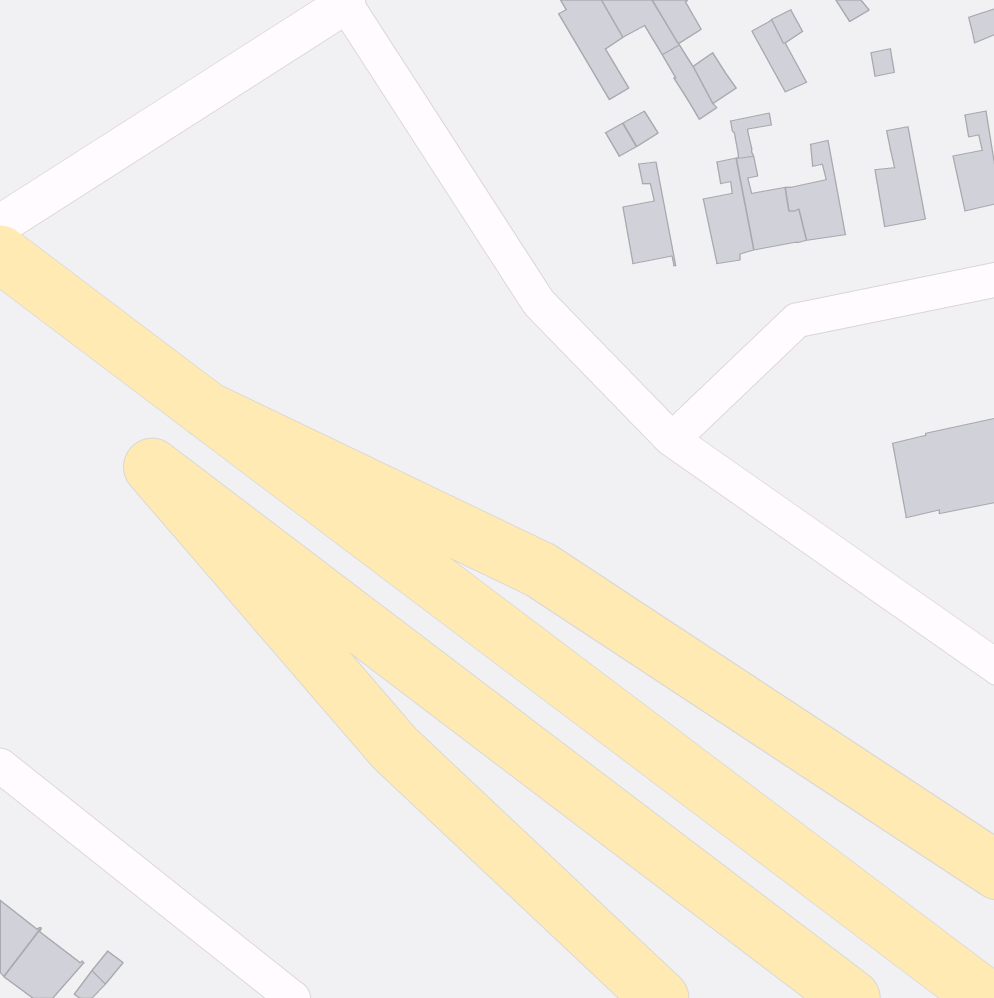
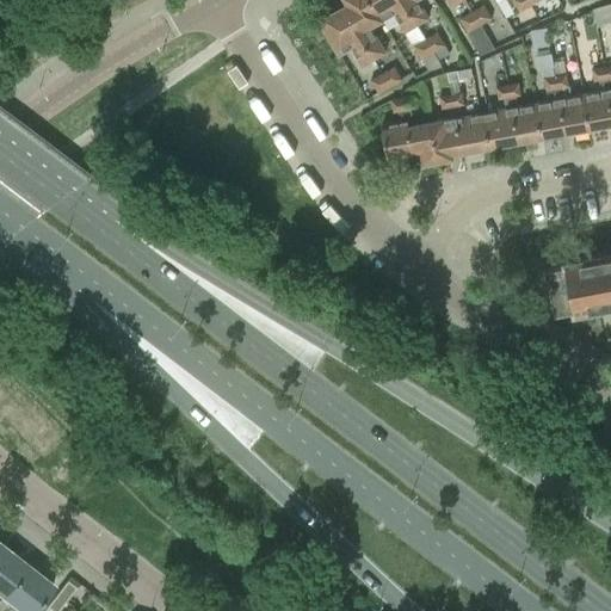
building: none -> [320,8,375,68]
building: none -> [557,74,592,134]
building: none -> [508,85,543,143]
building: none -> [403,97,440,165]

